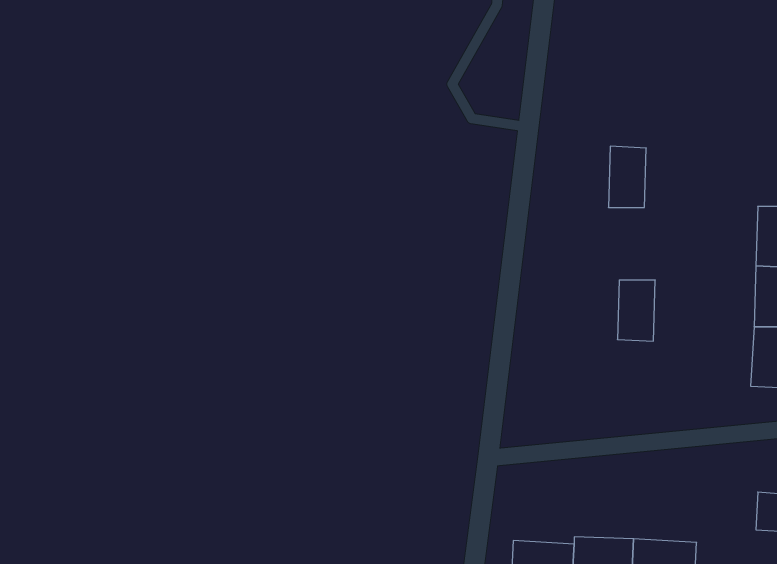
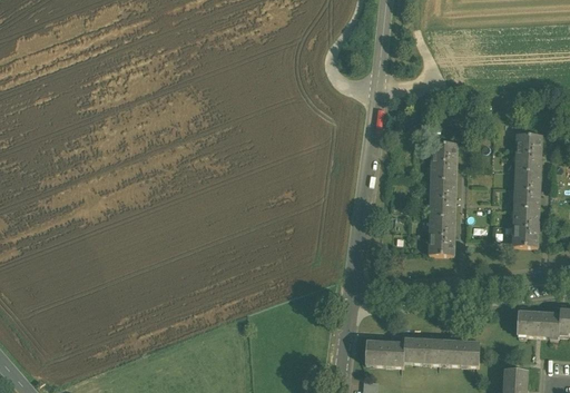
building: [608,146,646,207] -> [432,141,455,179]
building: none -> [430,216,453,254]

